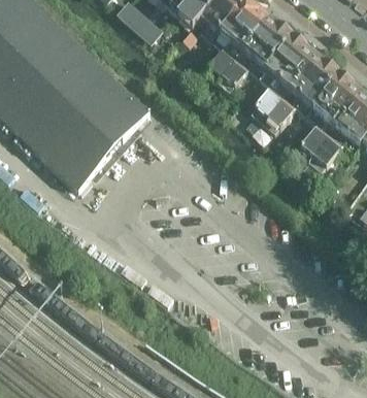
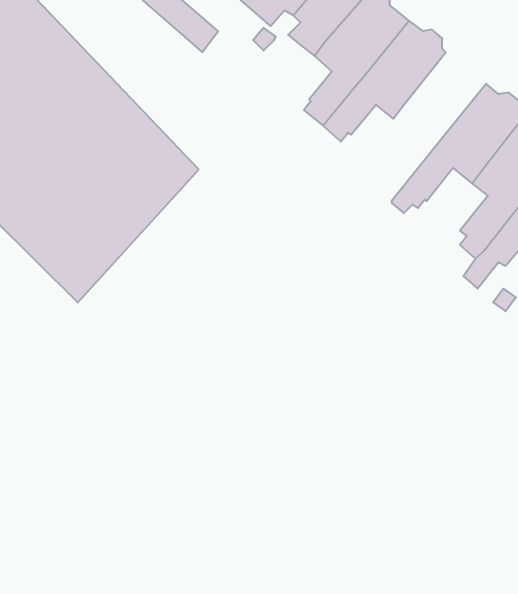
building: [244,40,315,134] -> none

